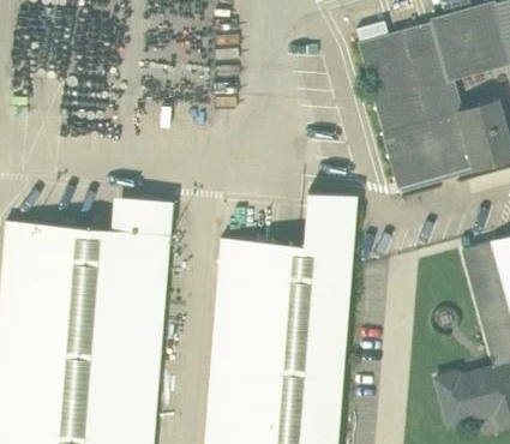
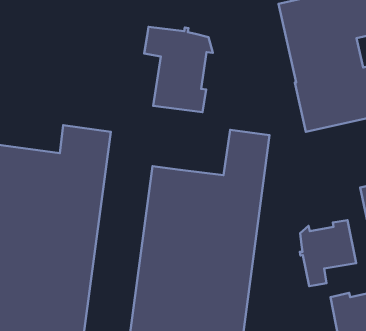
building: none -> [144,27,213,112]
building: none -> [300,220,356,286]

